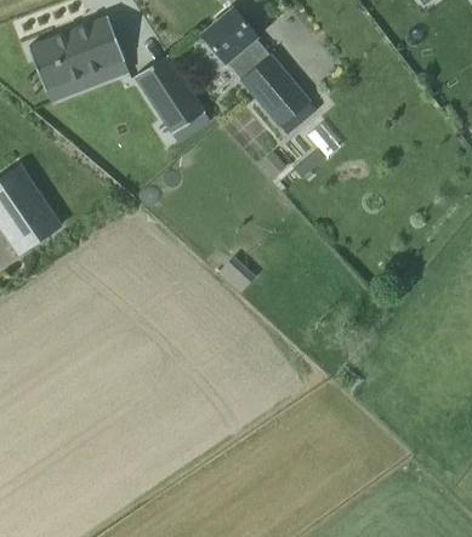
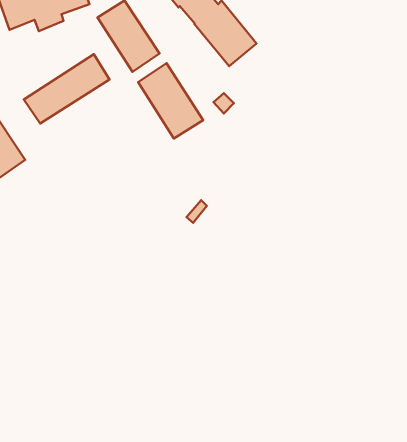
building: none -> [24,54,109,124]
building: none -> [138,63,203,139]

